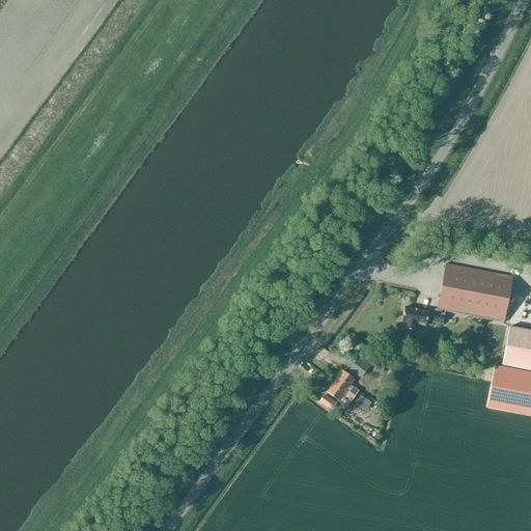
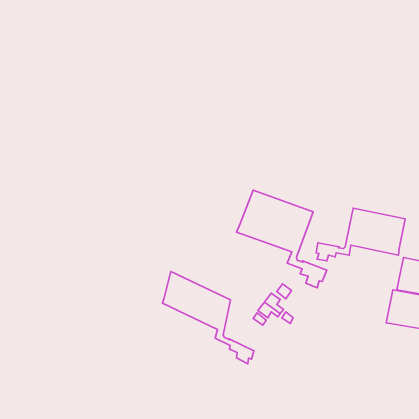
building: none -> [237,190,327,288]
building: none -> [162,271,254,364]

